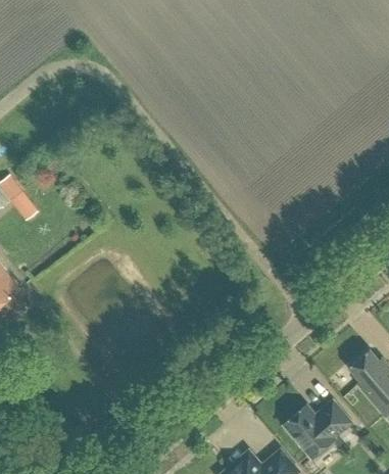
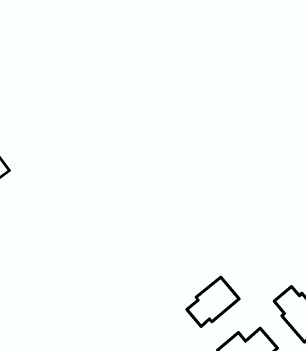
building: none -> [187,277,239,326]

